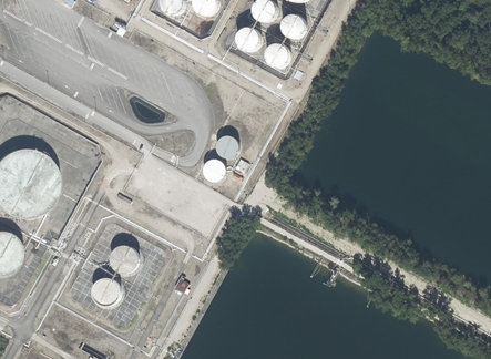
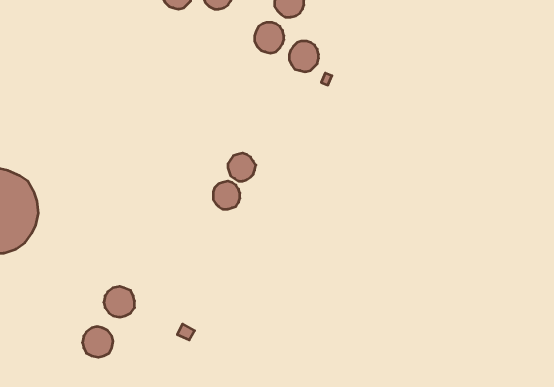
building: [280,12,305,38] -> none

